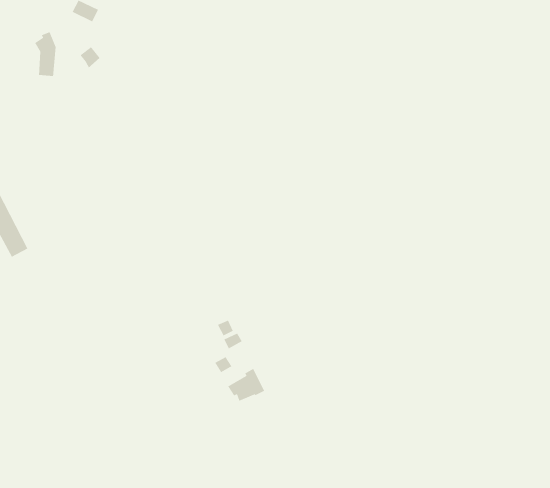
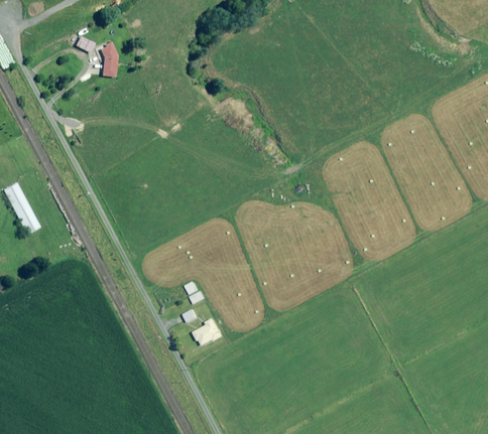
building: [34,31,56,77] -> [99,41,116,77]

